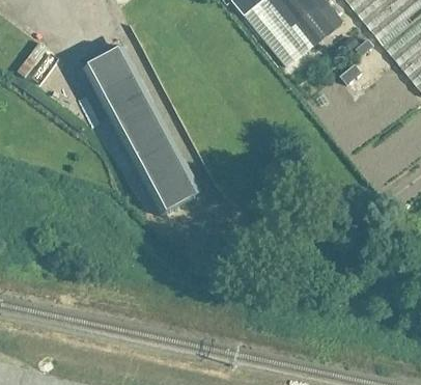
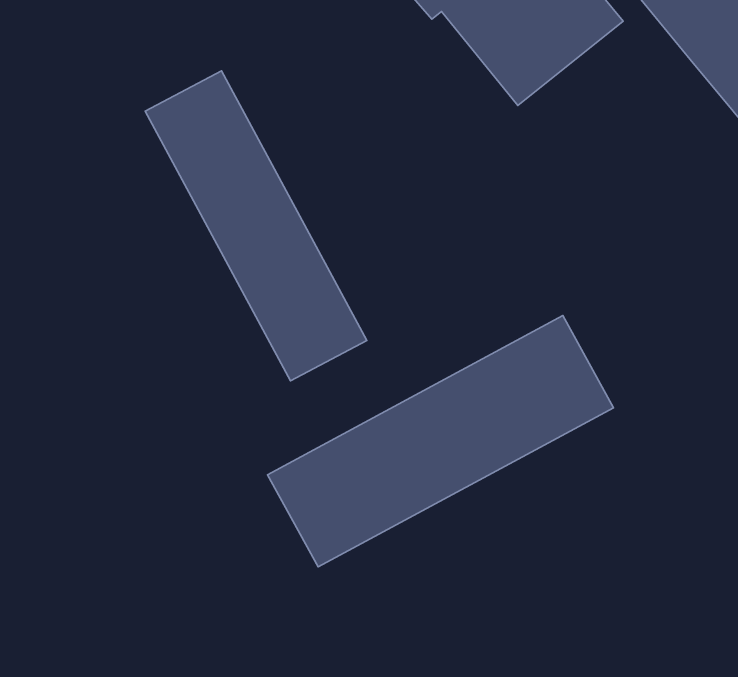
building: none -> [267,315,614,567]

